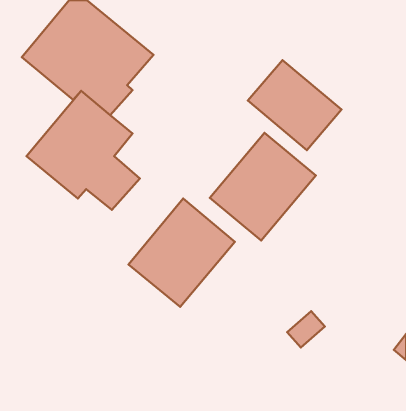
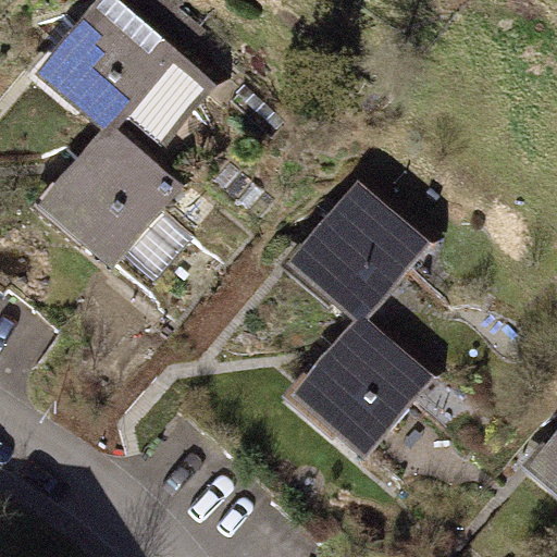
building: [248,60,341,150] -> none
building: [129,198,235,307] -> [293,311,436,458]

